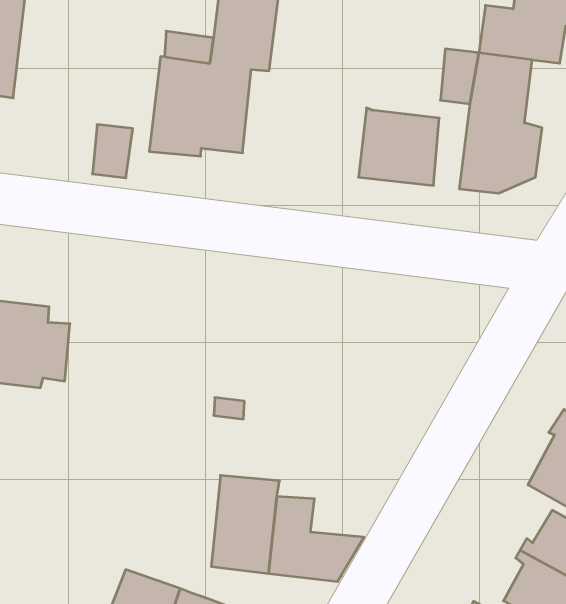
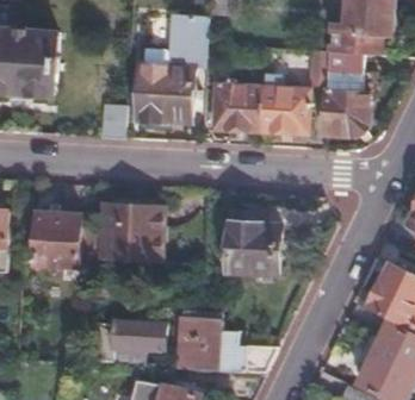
building: none -> [215,87,262,131]
building: none -> [99,206,161,262]
building: none -> [225,206,279,271]
building: none -> [86,319,161,360]

